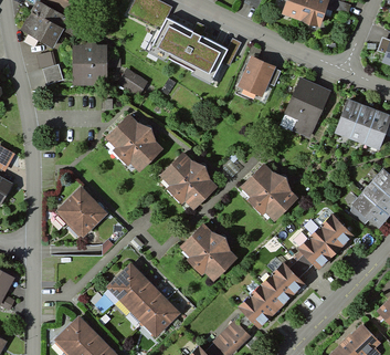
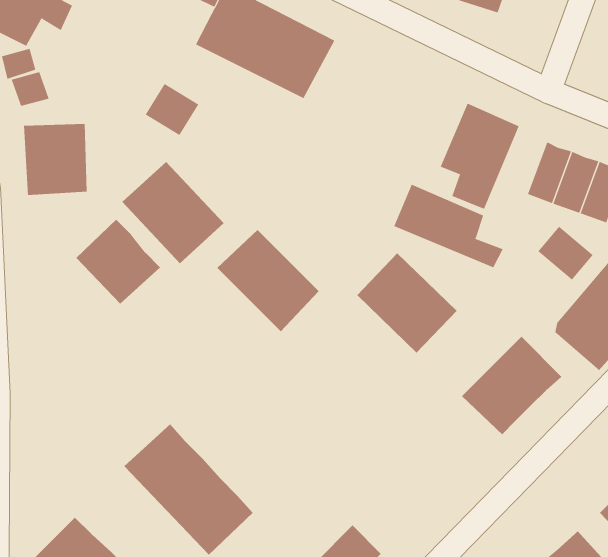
building: [70,43,106,84] -> [23,124,87,196]
building: [239,56,275,95] -> none
building: none -> [394,184,504,268]
building: none -> [537,226,593,280]
building: [54,188,103,237] -> [76,219,161,304]
building: [179,221,236,280] -> none
building: [238,260,307,327] -> none

